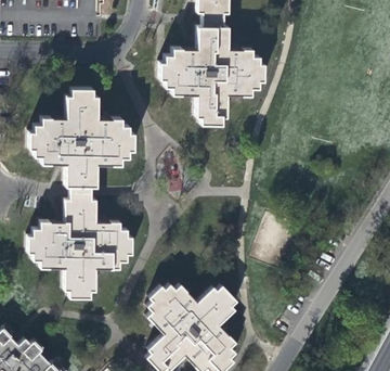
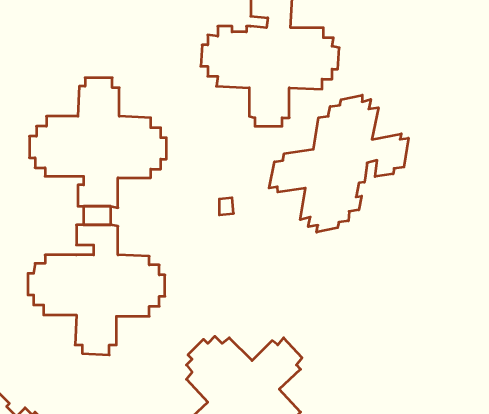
building: none -> [269,95,408,232]

